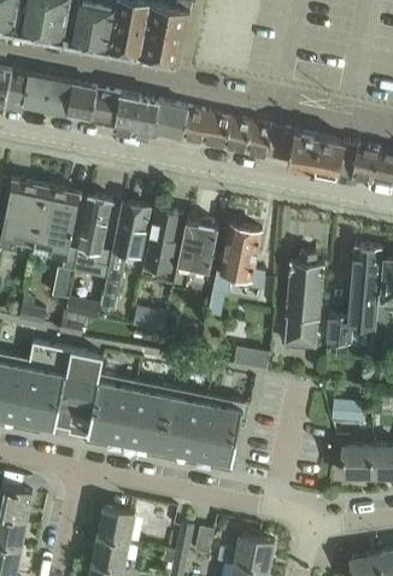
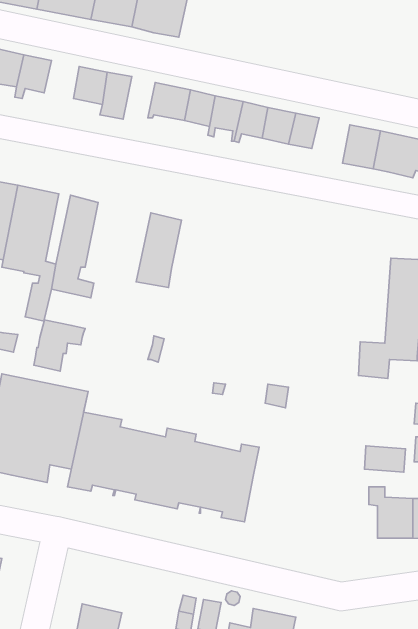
building: [65,86,96,122] -> none
building: [133,99,159,139] -> none
building: [288,133,319,170] -> none
building: [100,204,151,312] -> none
building: [172,219,218,290] -> none
building: [209,225,265,318] -> none
building: [285,253,324,348] -> none
building: [99,510,136,540] -> none

